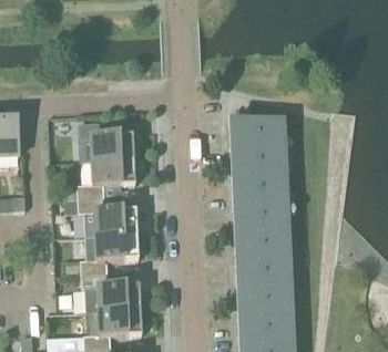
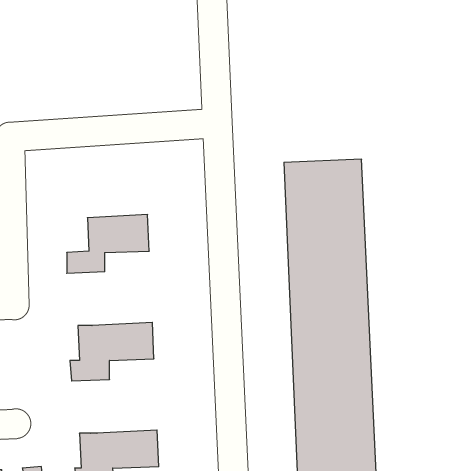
building: [79,120,134,159] -> none
building: [78,196,137,234] -> none
building: [81,271,141,309] -> none

